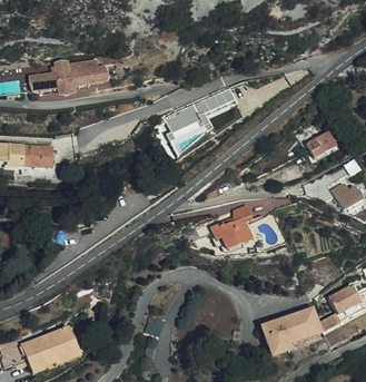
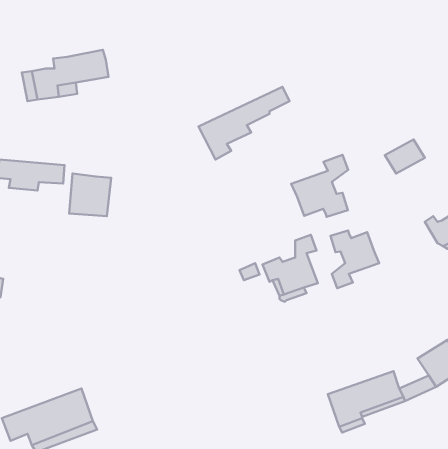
building: none -> [291,155,348,217]
building: none -> [69,174,111,216]
building: none -> [331,230,379,288]

